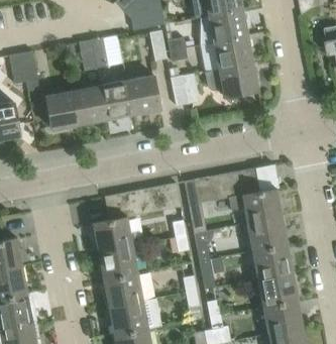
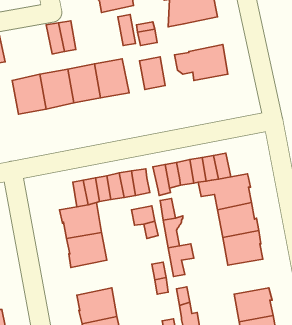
building: [214,34,252,69] -> none
building: [257,272,298,307] -> none
building: [103,273,143,308] -> none

